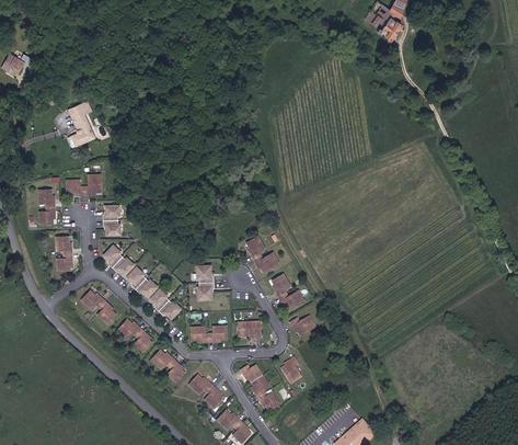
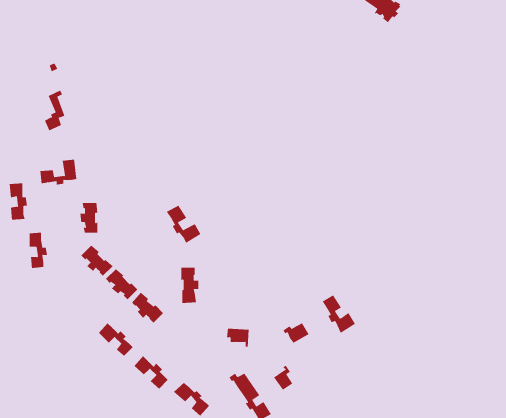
building: [244,240,277,276] -> [166,205,201,244]
building: [273,277,304,313] -> [322,295,356,333]
building: [82,290,116,324] -> none
building: [191,329,227,345] -> none

